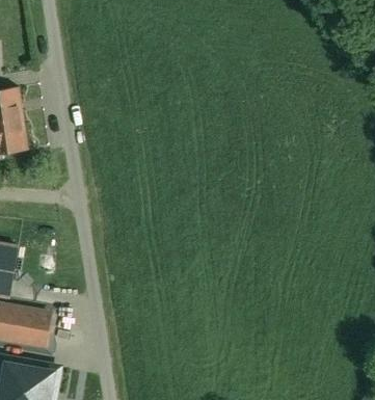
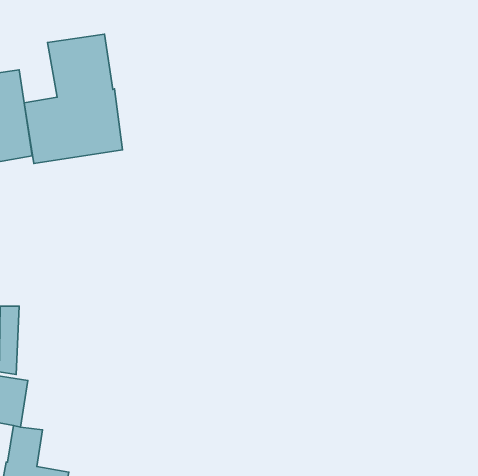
building: none -> [24,34,123,163]
building: [18,308,51,345] -> none

